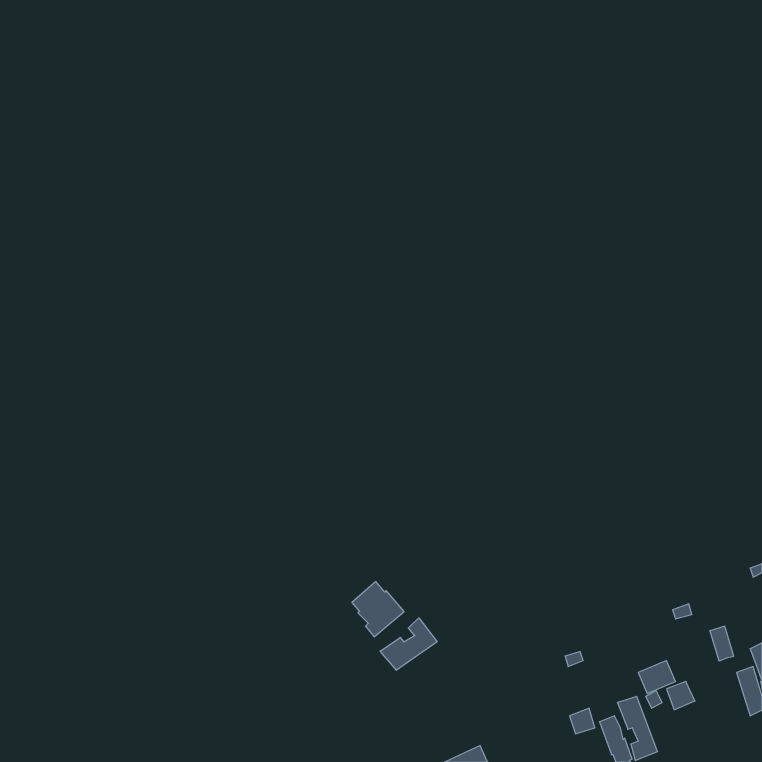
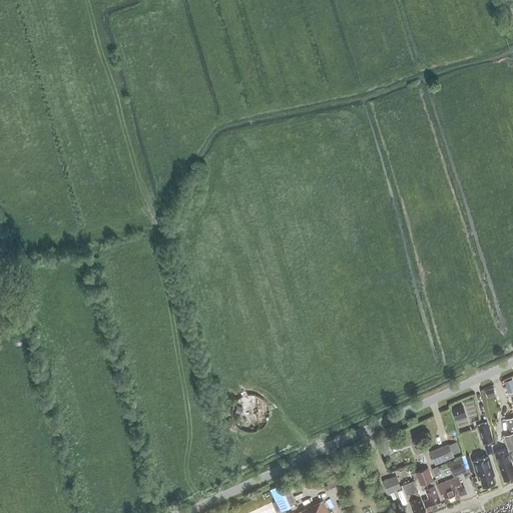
building: [380,618,437,670] -> none
building: none -> [473,455,494,487]
building: none -> [437,477,462,503]

